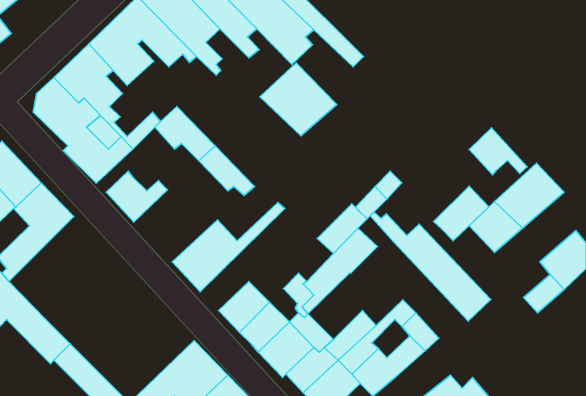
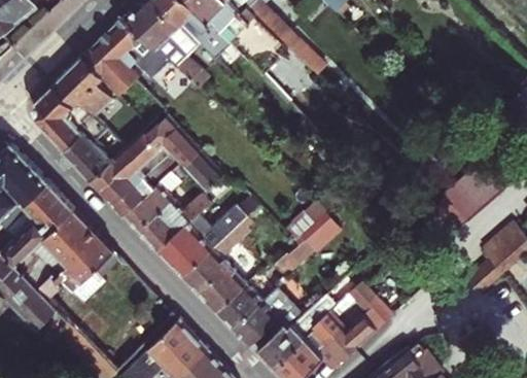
building: [260,63,337,136] -> none
building: none -> [90,130,159,187]
building: [469,128,527,175] -> none
building: none -> [122,170,208,249]
building: [433,186,489,241] -> none
building: none -> [181,202,268,293]
building: [370,212,491,321] -> none
building: none -> [11,209,116,304]

